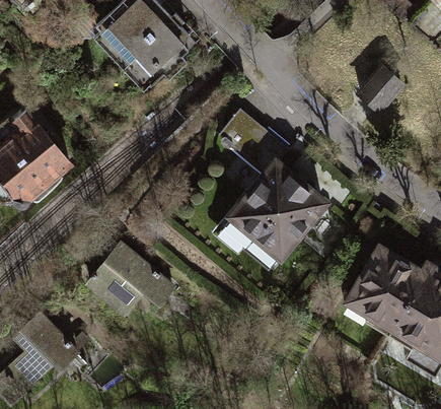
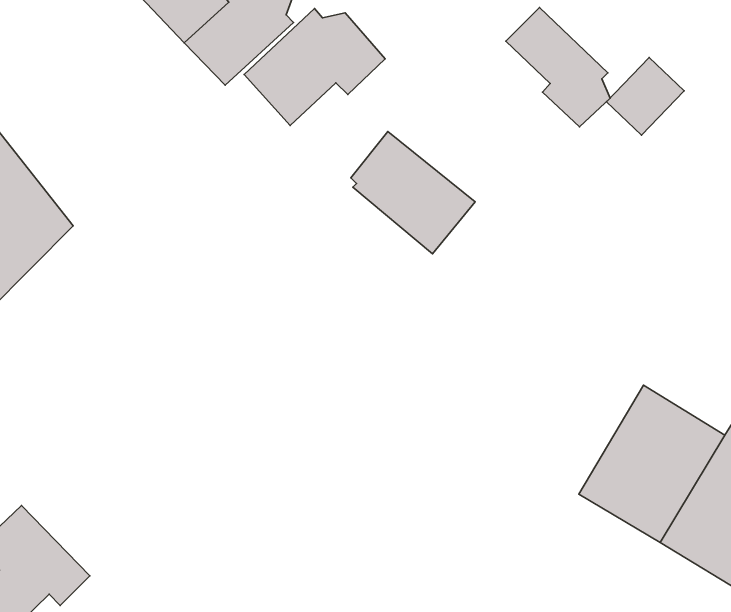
building: none -> [506,8,610,127]
building: none -> [244,9,385,125]
building: [226,164,324,270] -> none
building: [90,240,175,313] -> none

